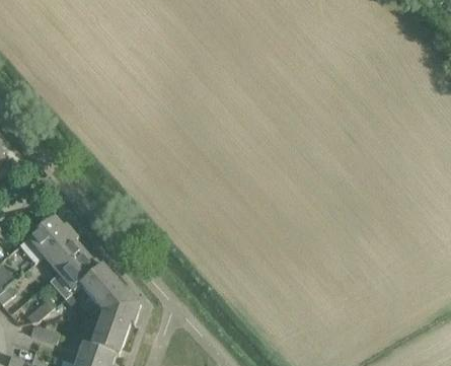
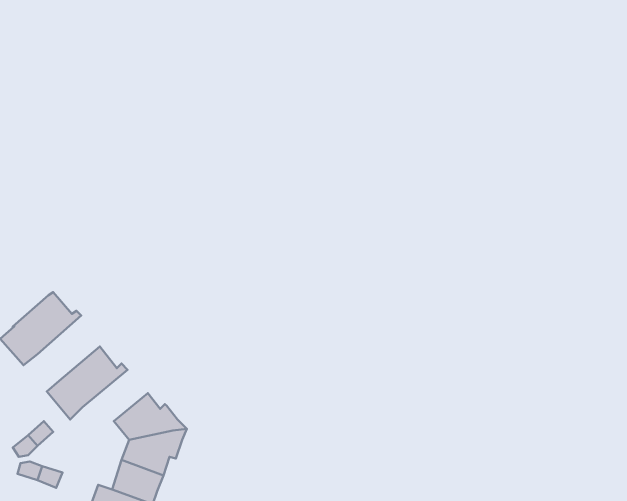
building: [44,229,84,272] -> none
building: [73,265,116,298] -> none

